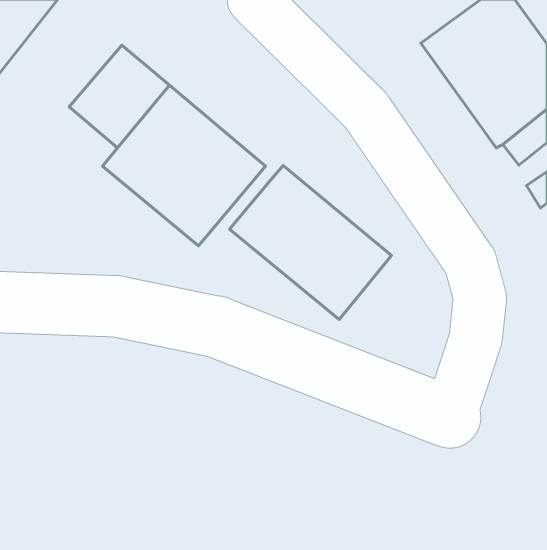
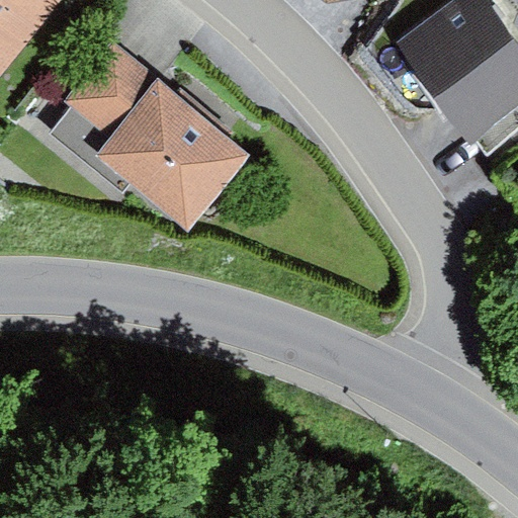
building: [230,165,392,319] -> none

